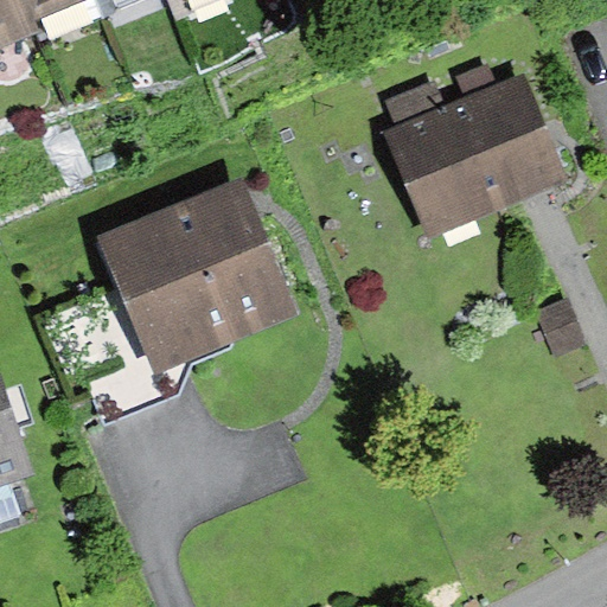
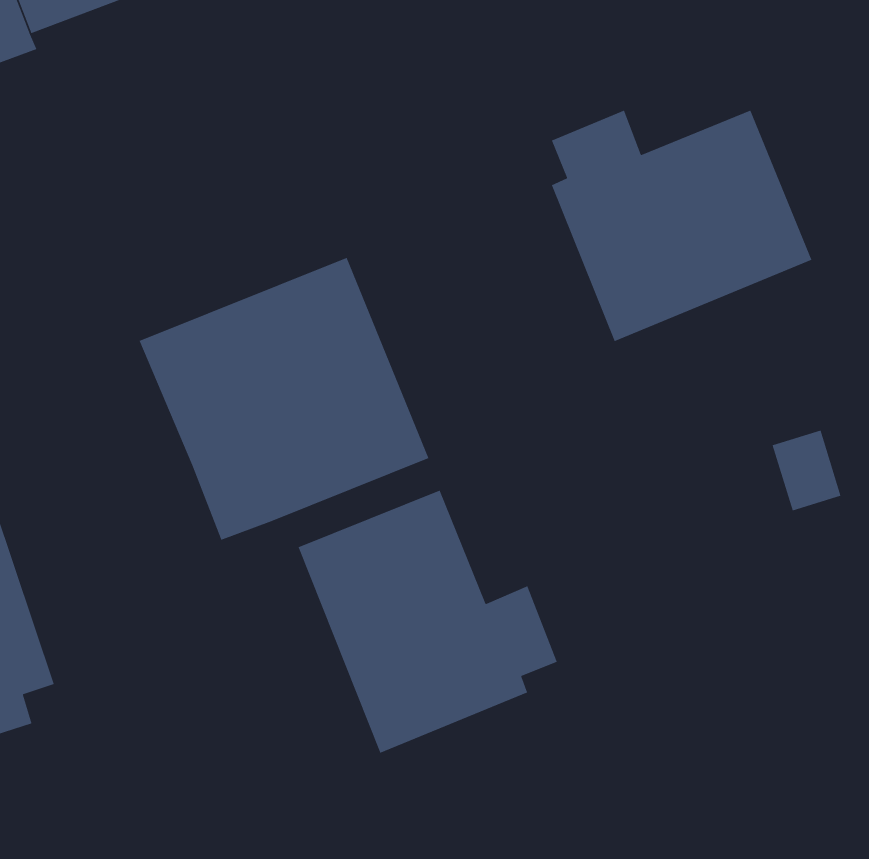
building: none -> [297,490,558,754]

